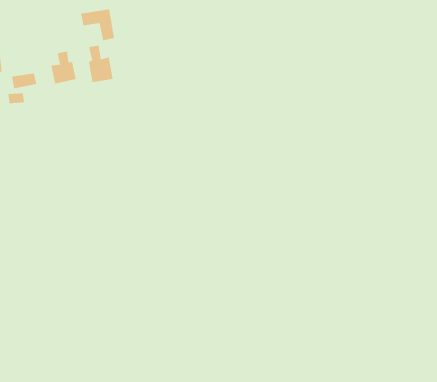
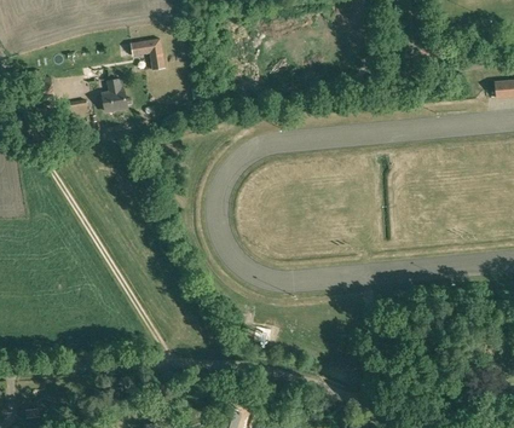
building: [88,45,113,83] -> none

